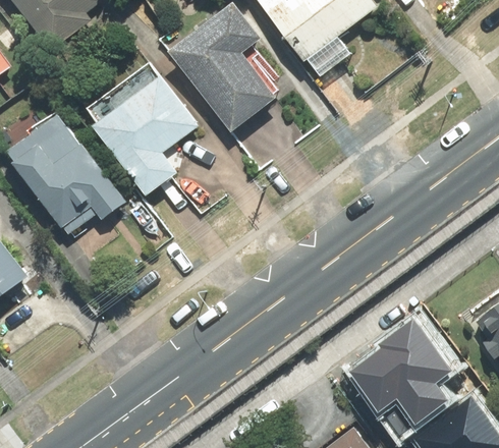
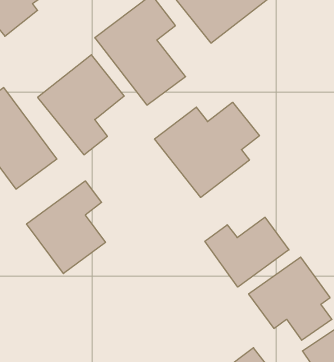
building: none -> [155,102,259,197]
building: none -> [27,181,105,274]
building: none -> [205,217,289,287]

